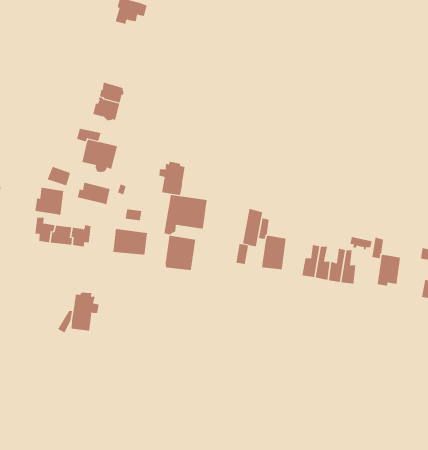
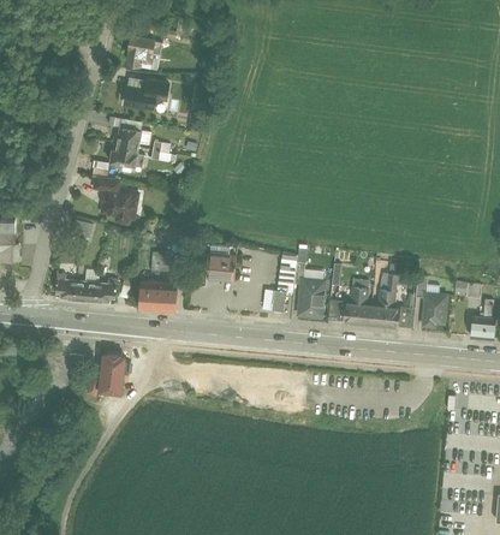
building: none -> [123,76,168,109]
building: [159,161,185,196] -> none
building: [77,182,110,205] -> none
building: [35,187,64,216] -> none
building: [165,235,196,271] -> none

